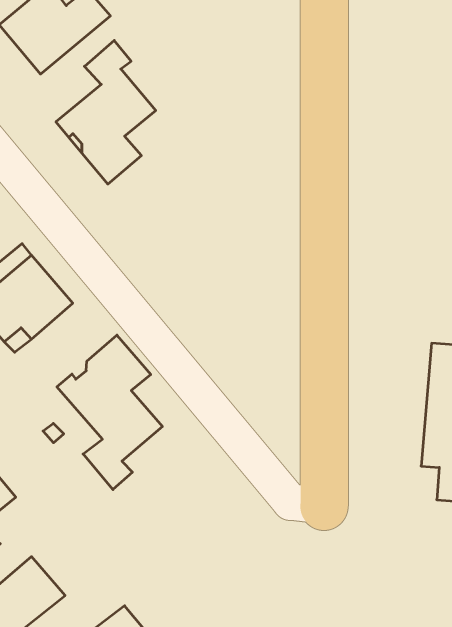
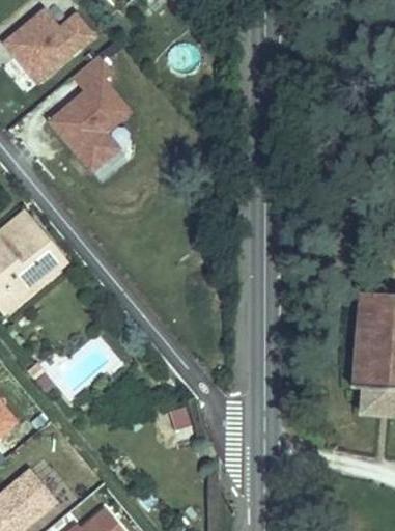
building: [57,335,162,490] -> none

